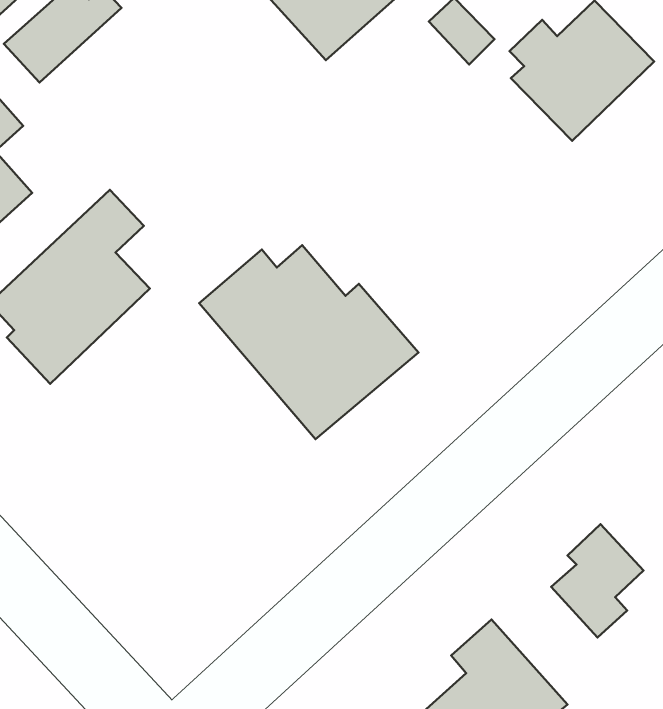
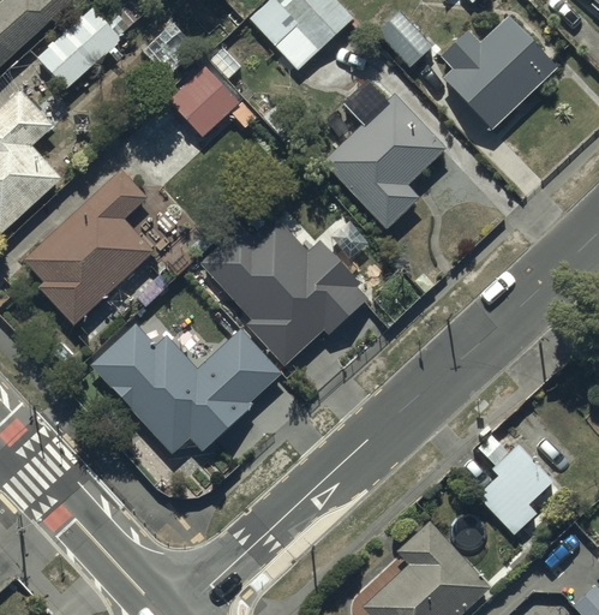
building: none -> [170,66,241,137]
building: none -> [323,97,447,232]
building: none -> [86,322,288,455]

